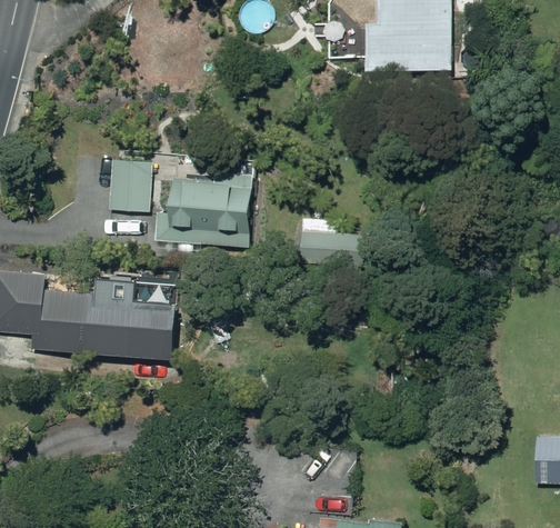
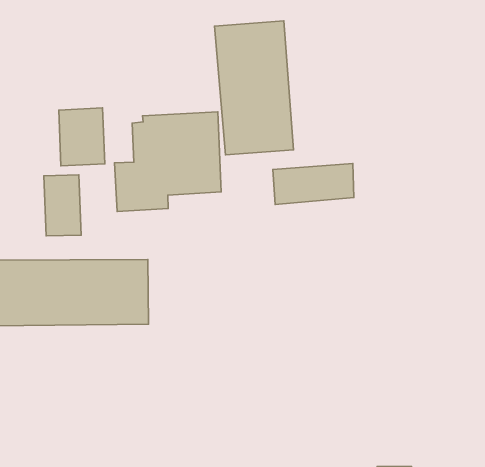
building: none -> [215,21,293,155]
building: none -> [44,175,81,236]

